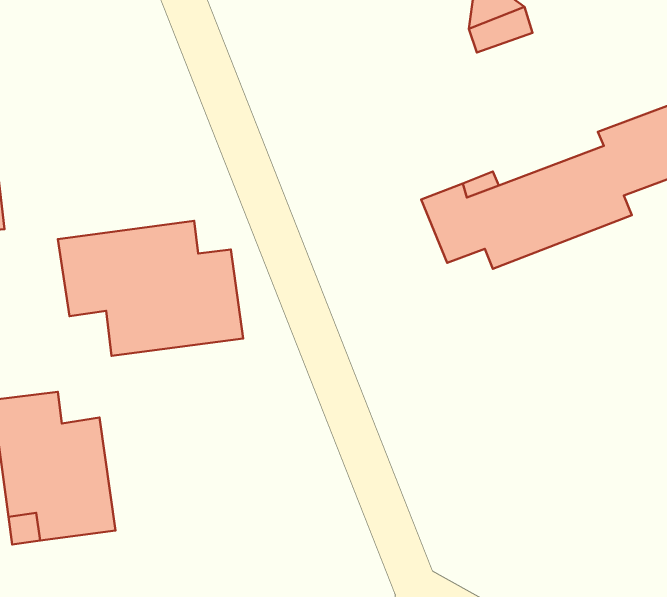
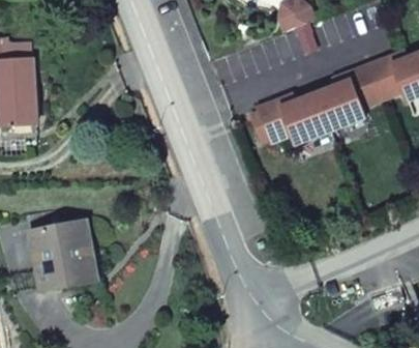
building: [58,221,243,356] -> none

